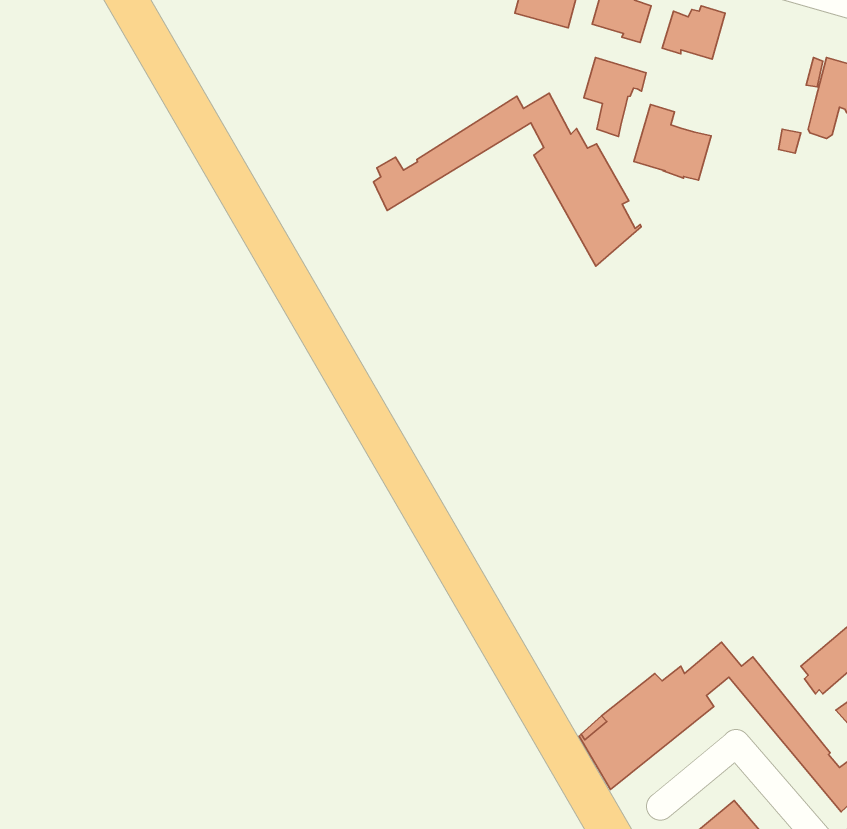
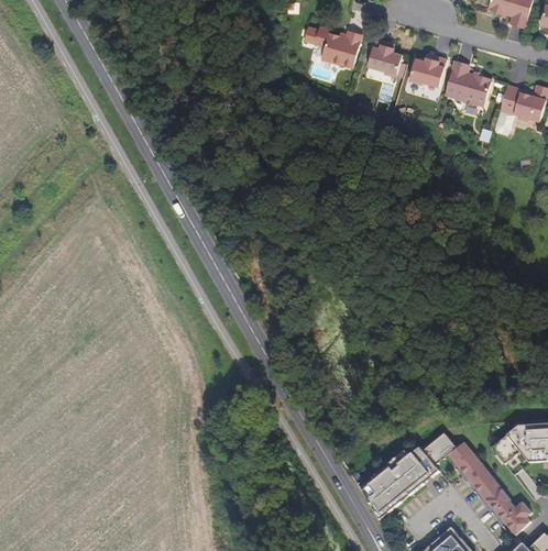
building: [584,58,646,136] -> none
building: [374,93,641,266] -> none
building: [634,104,711,180] -> [445,60,491,106]

